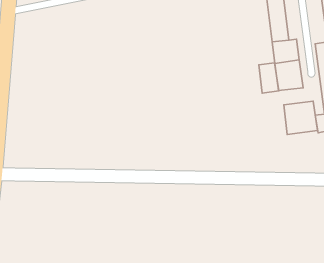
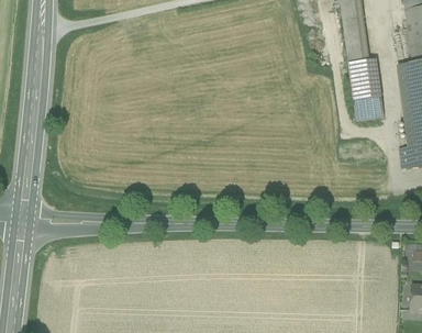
building: [259,63,279,93] -> none
building: [284,101,318,135] -> none

